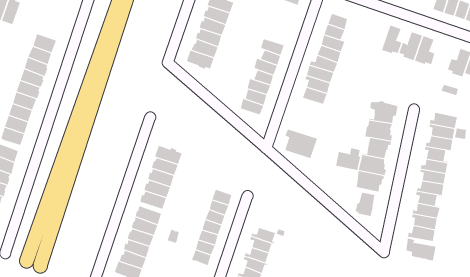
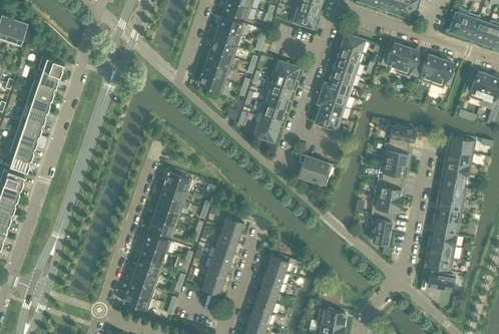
building: none -> [381,43,406,73]
building: [335,147,361,171] -> none

